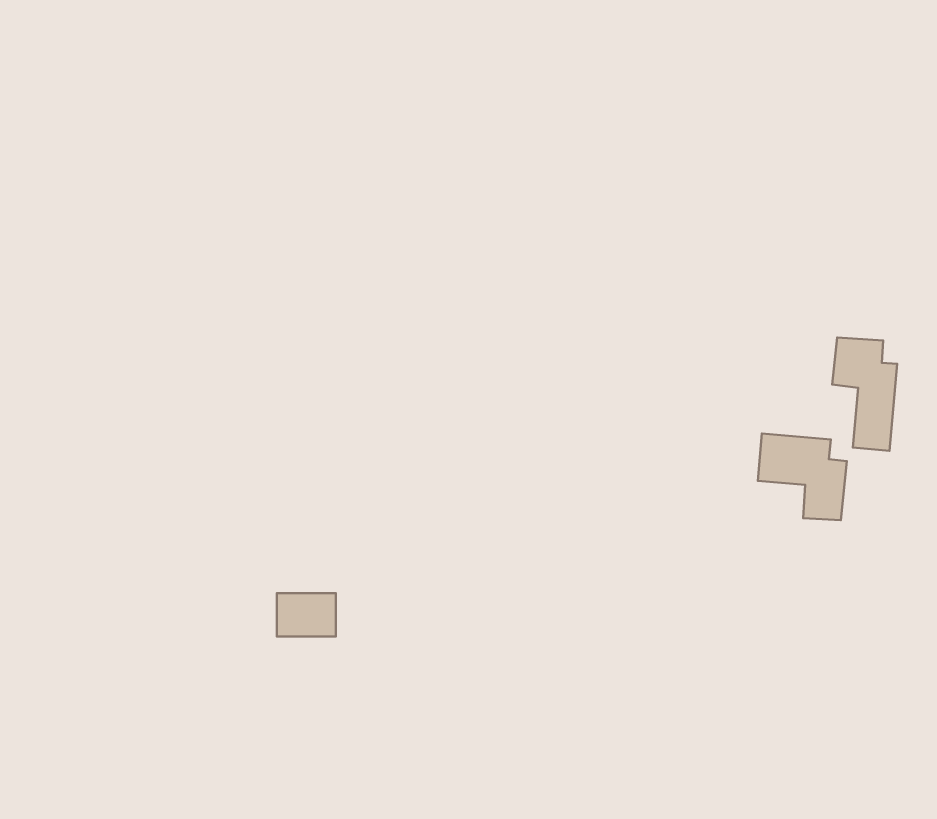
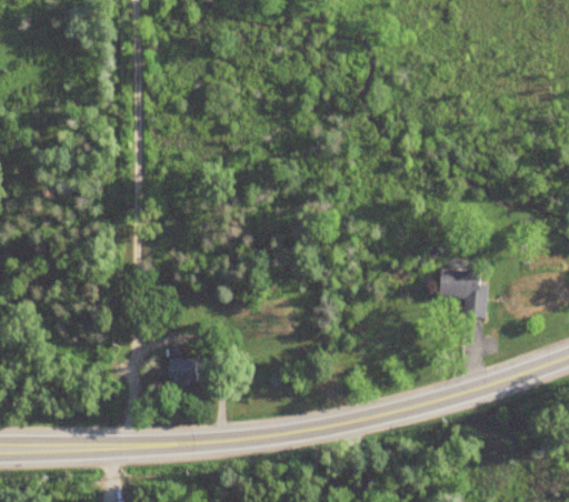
building: [832,338,897,451] -> none

